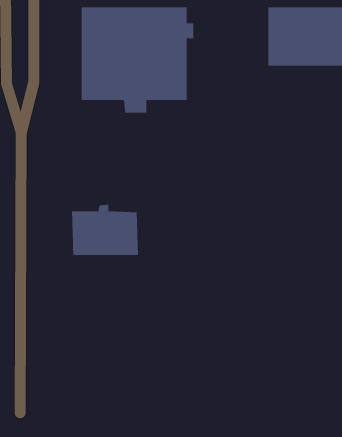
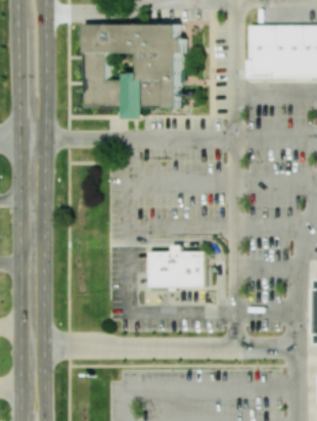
building: [71,204,139,256] -> [151,245,212,291]

